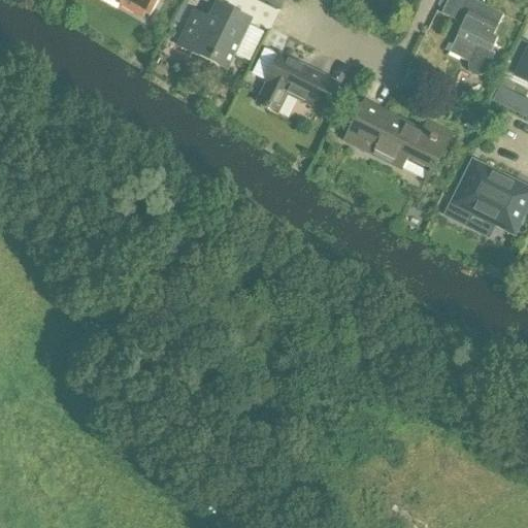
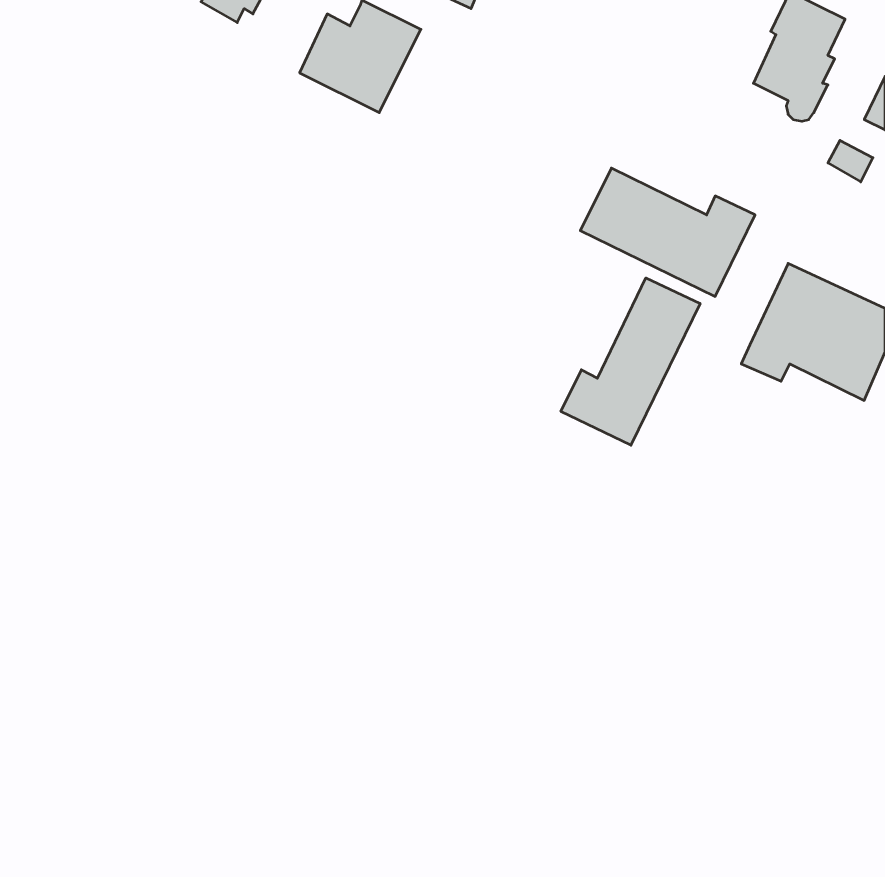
building: [257,52,338,109] -> none
building: none -> [561,278,700,445]

